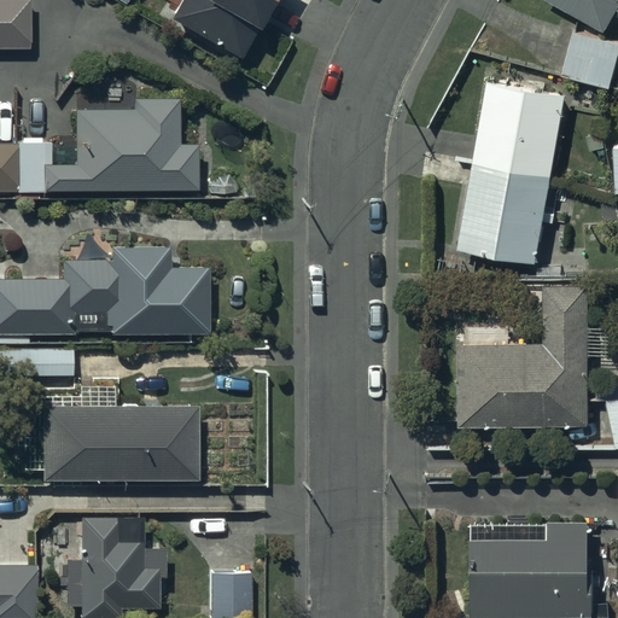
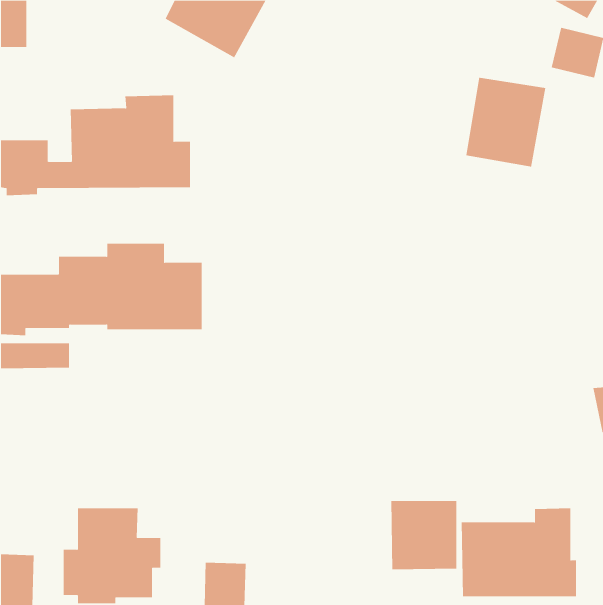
building: [462,159,544,251] -> none
building: [461,281,584,416] -> none
building: [42,407,197,482] -> none
building: none -> [391,500,457,570]

